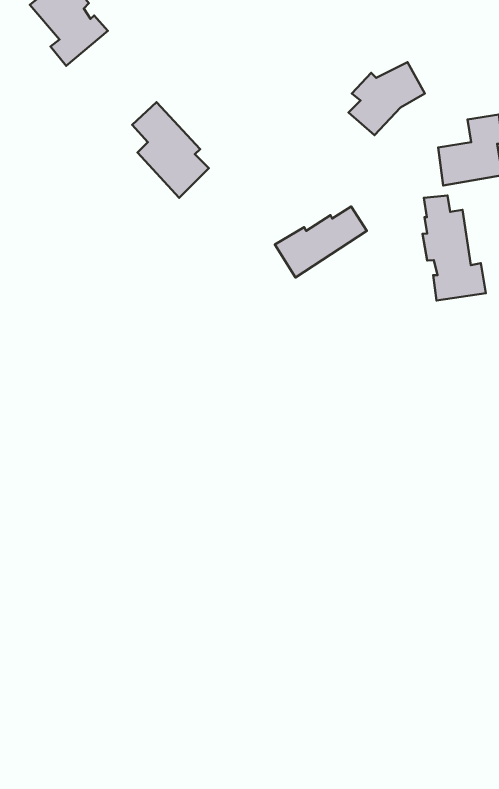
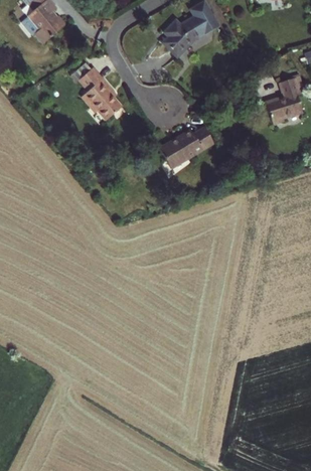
building: [348,62,425,135] -> [161,13,205,55]
building: [422,196,486,301] -> none

